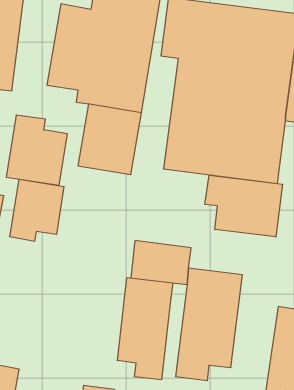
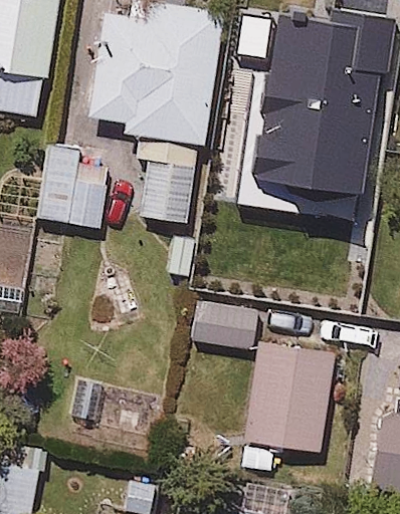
building: [205,175,283,237] -> none
building: [10,179,64,241] -> none
building: [117,278,173,380] -> none

